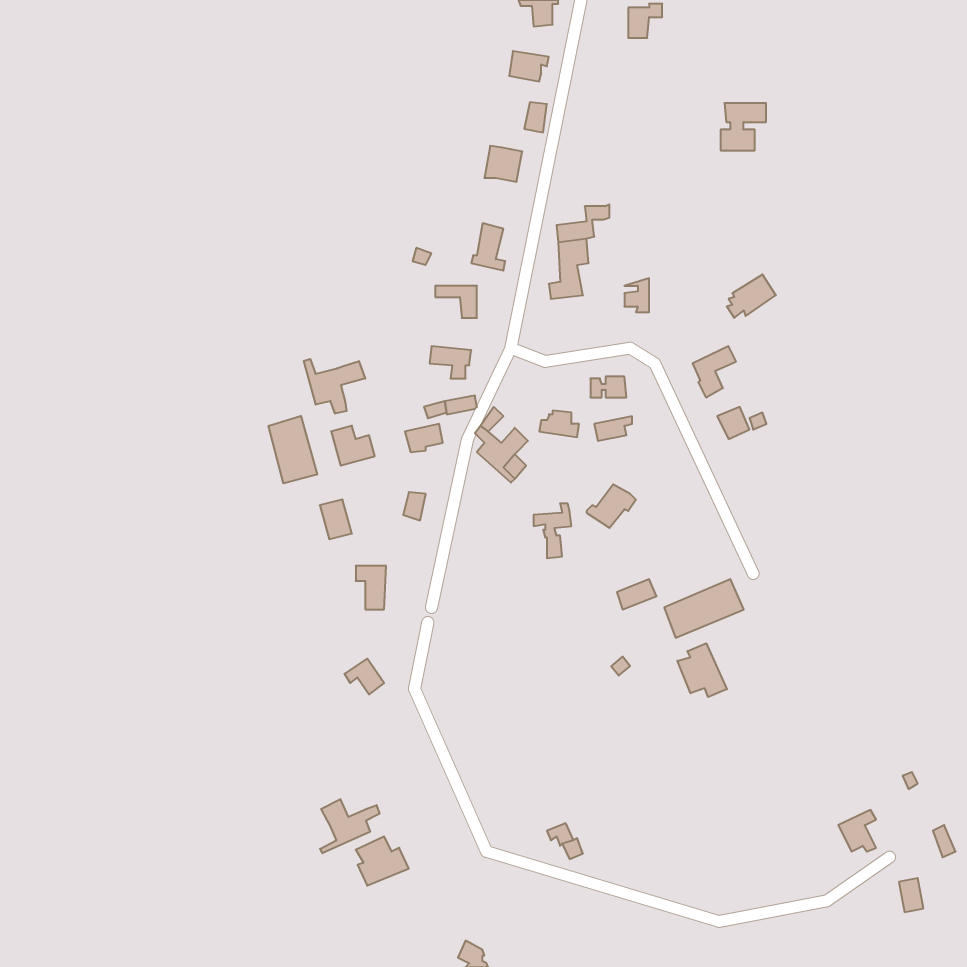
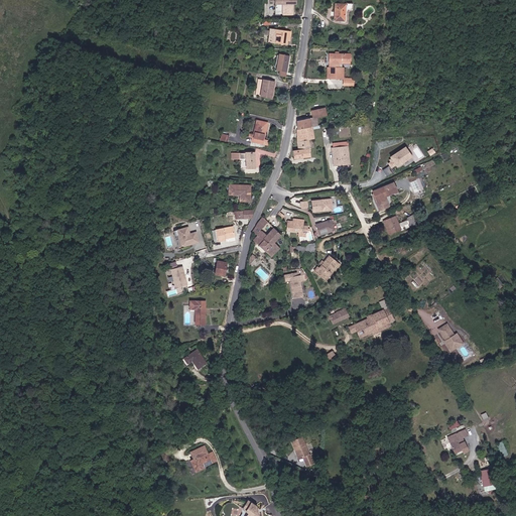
building: [721,103,766,150] -> [327,52,351,78]
building: [304,359,365,414] -> none
building: [268,416,317,483] -> none
building: none -> [437,322,465,353]
building: [677,643,727,697] -> none
building: [320,799,380,853] -> none

